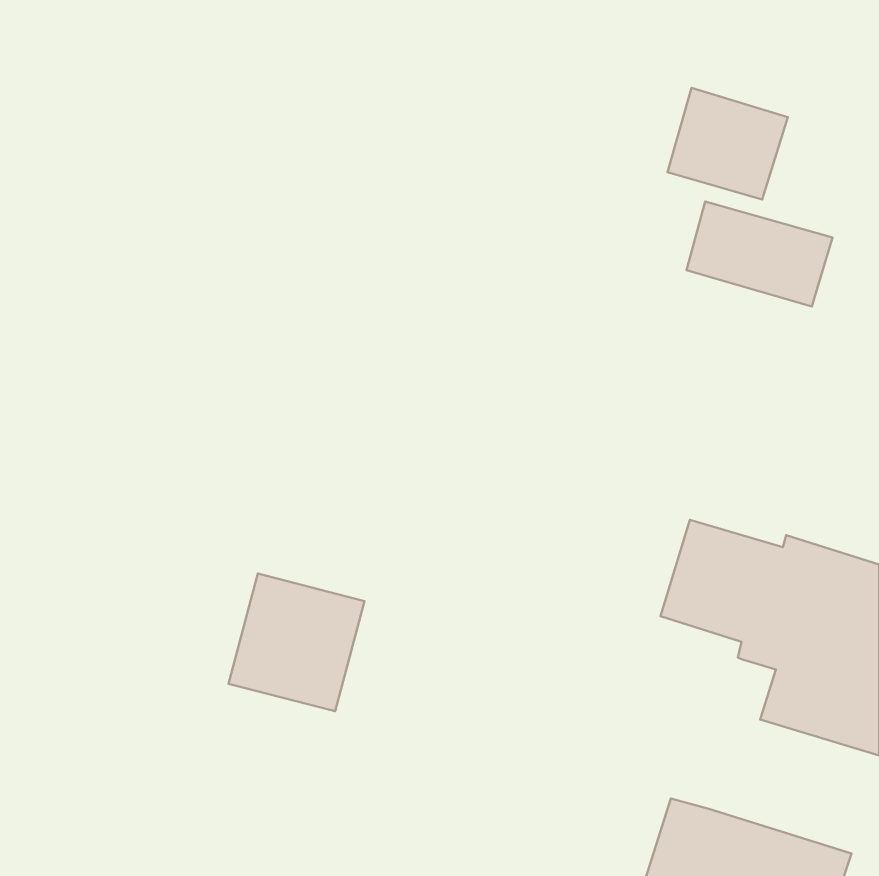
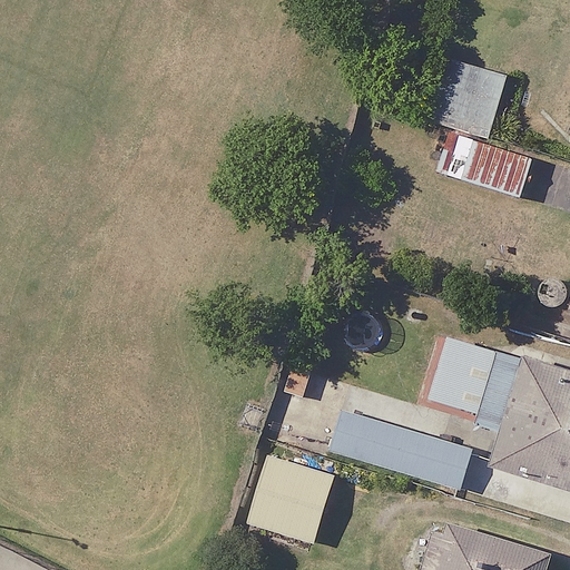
building: [228,574,364,711] -> [247,456,335,546]
building: none -> [330,389,480,493]

